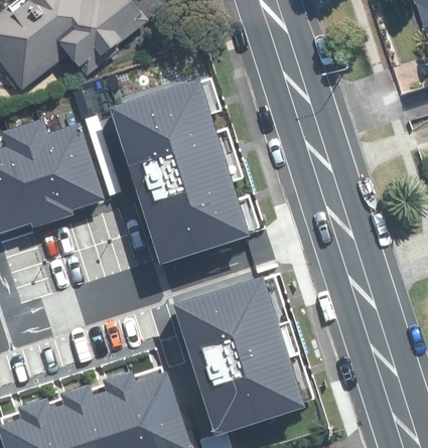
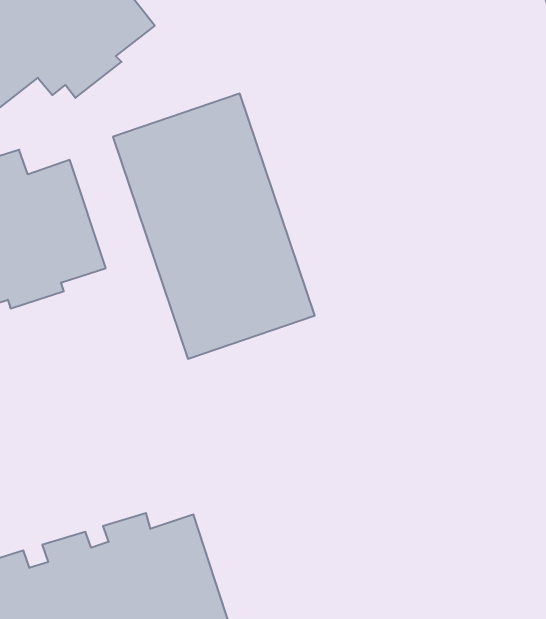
building: [172,272,304,432] -> none

